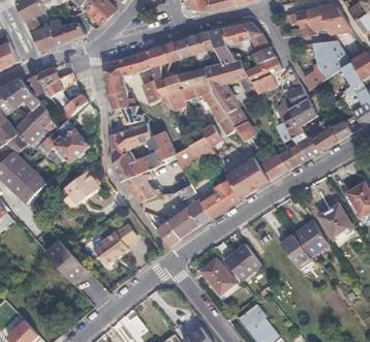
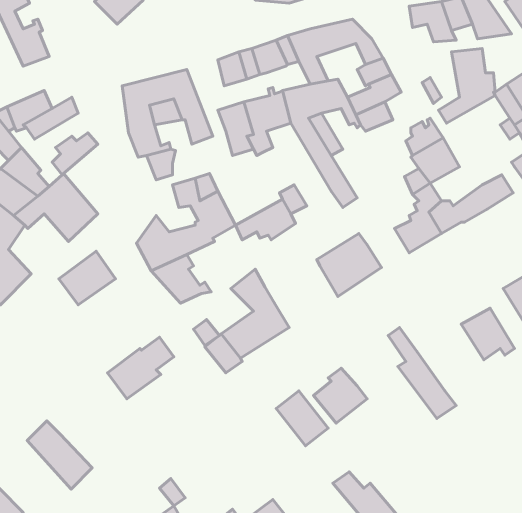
building: [50,21,85,45] -> none
building: [145,48,169,96] -> none
building: [195,88,237,137] -> none
building: [110,127,140,164] -> none
building: [259,155,286,182] -> none
building: [201,179,241,218] -> none
building: [291,222,328,258] -> none
building: [47,242,88,285] -> [27,421,92,489]

